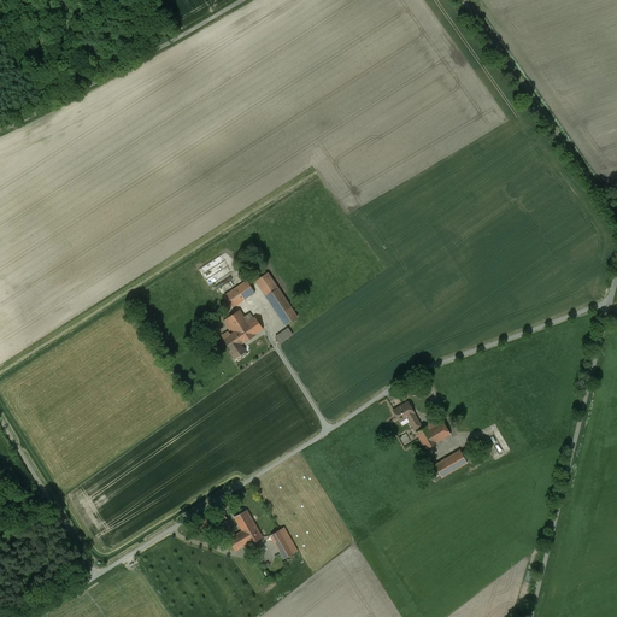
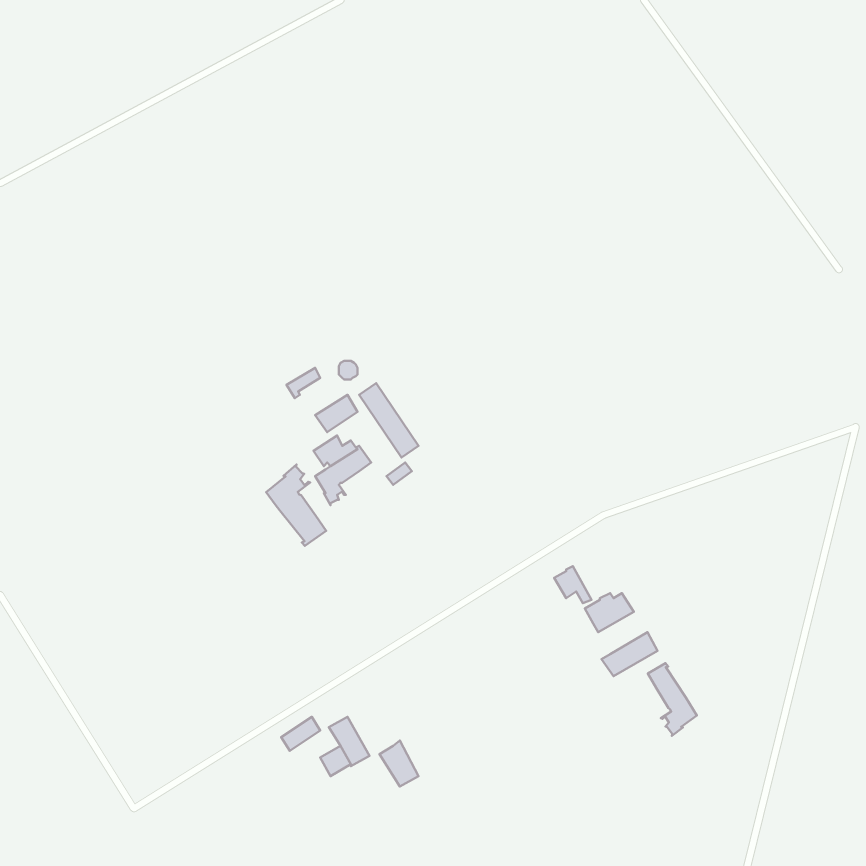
building: none -> [266,464,326,546]
building: none -> [648,663,697,736]

